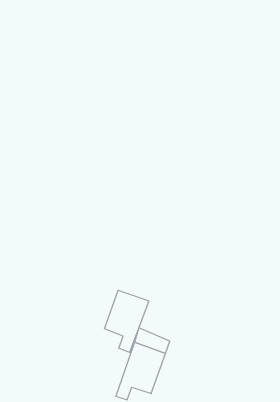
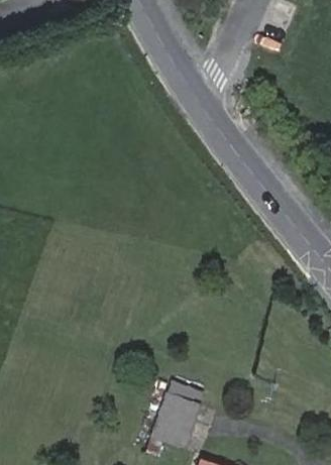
building: [104,290,149,353] -> none

